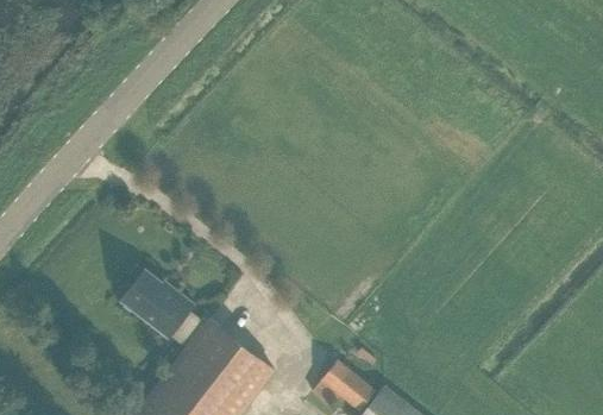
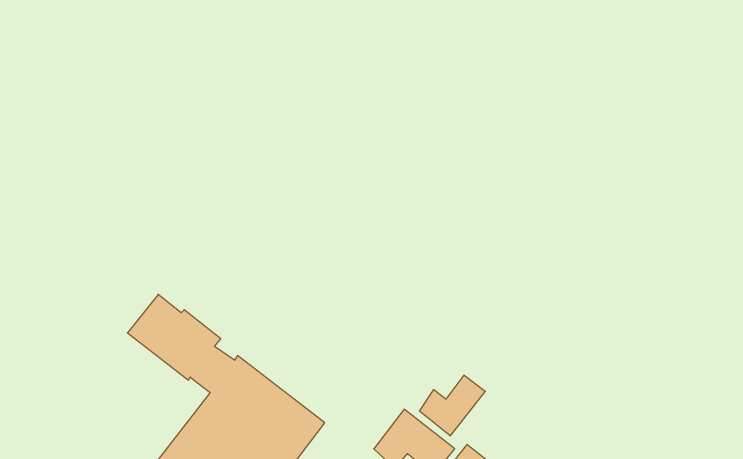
building: none -> [419,375,485,436]

